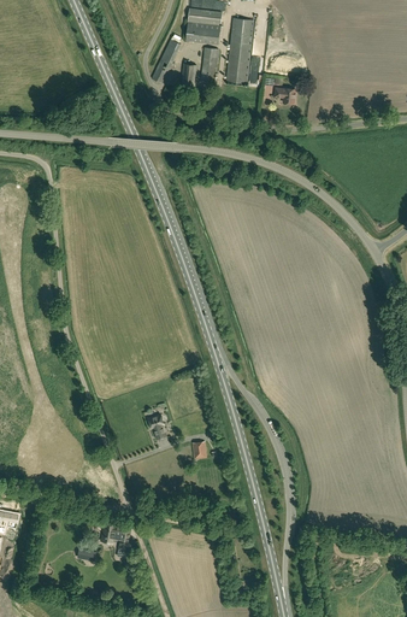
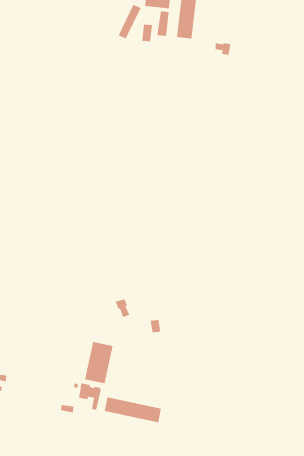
building: none -> [84,341,113,384]
building: none -> [104,396,162,423]

